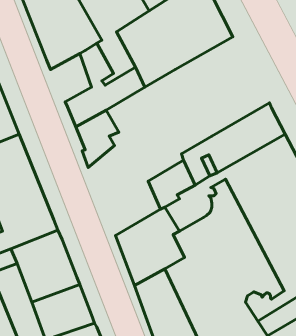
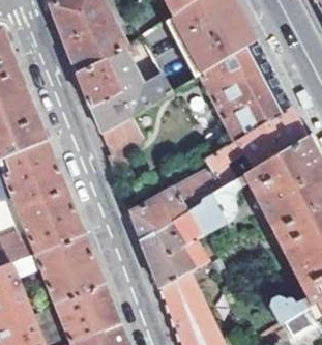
building: none -> [200,44,293,142]
building: none -> [77,60,117,109]
building: none -> [129,186,185,240]

